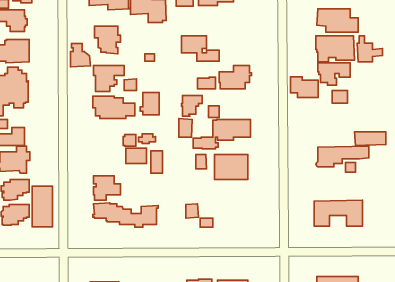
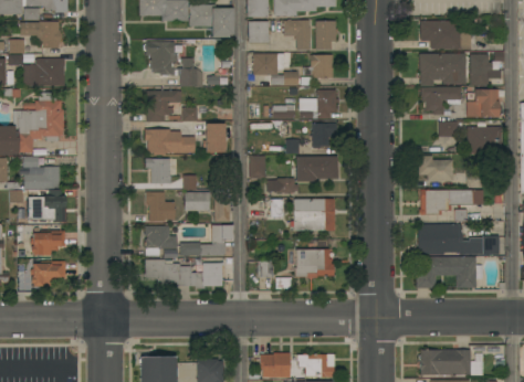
building: none -> [284,21,312,50]
building: none -> [316,21,337,50]
building: none -> [249,22,270,44]
building: none -> [303,55,334,78]
building: [71,43,90,67] -> [180,59,205,87]
building: none -> [467,89,500,118]
building: [290,77,318,97] -> [419,156,453,181]
building: none -> [468,127,501,155]
building: [182,95,202,116] -> [312,124,337,149]
building: none -> [146,159,172,184]
building: none -> [146,192,175,222]
building: none -> [419,224,500,255]
building: none -> [180,225,234,257]
building: [32,186,52,227] -> none
building: none -> [295,250,334,278]

